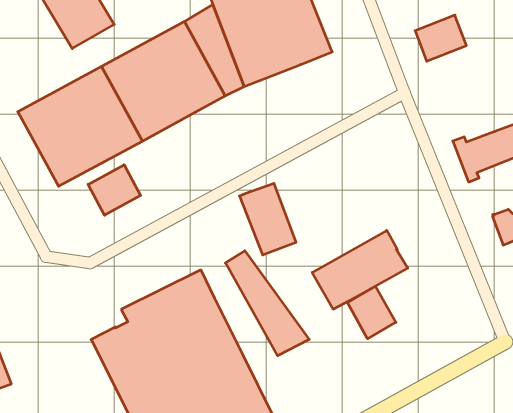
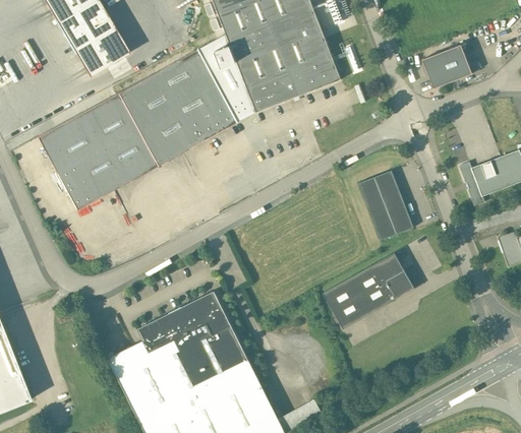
building: [88,165,141,215] -> none
building: [239,183,296,255] -> [358,171,413,240]
building: [225,251,309,356] -> none
building: [347,286,396,339] -> none

